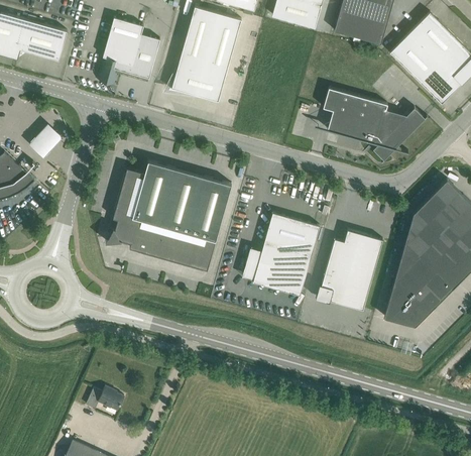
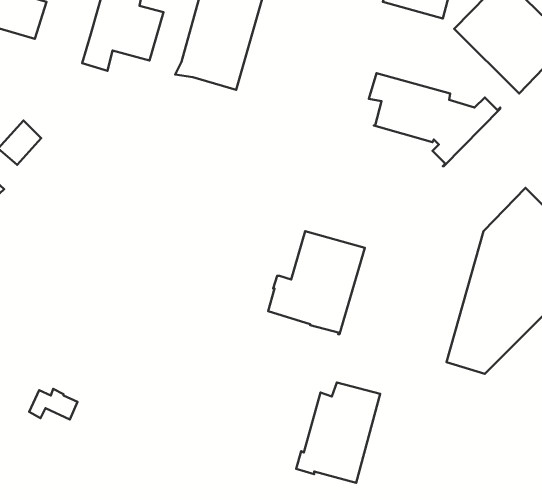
building: [106,161,232,271] -> none
building: [316,231,382,311] -> [296,382,380,483]
building: [86,387,124,412] -> [29,389,77,420]

